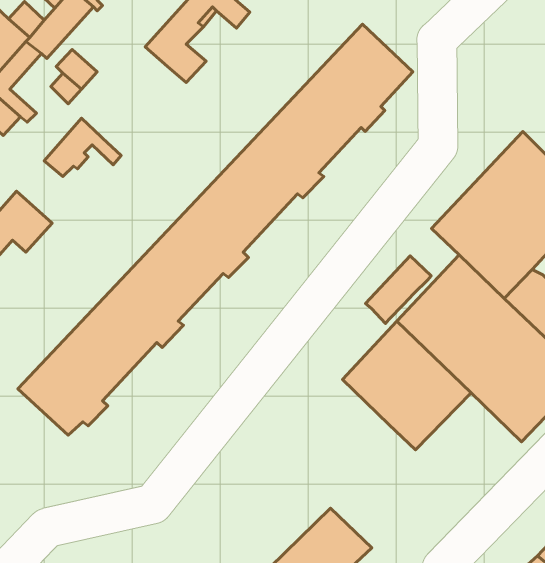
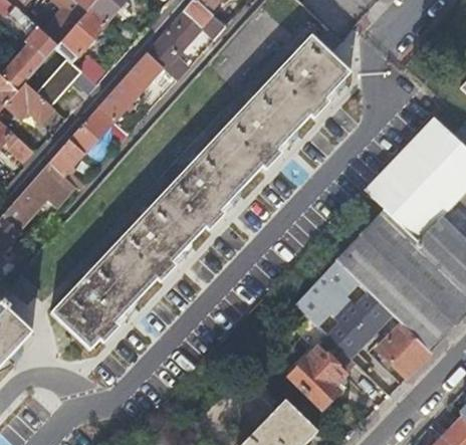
building: none -> [97,52,163,122]
building: none -> [48,139,84,189]
building: [366,256,431,324] -> none
building: none -> [378,323,431,377]
building: none -> [290,339,351,408]

